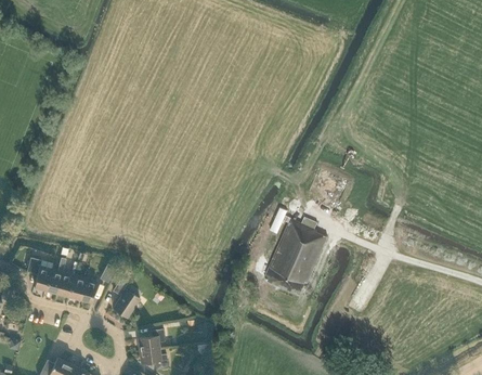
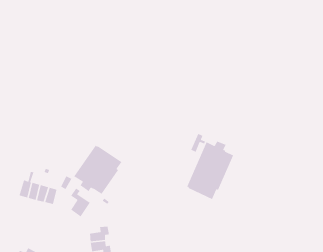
building: none -> [73,145,123,195]
building: [27,258,52,290] -> none

